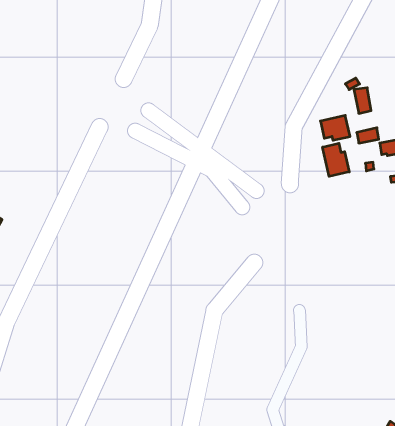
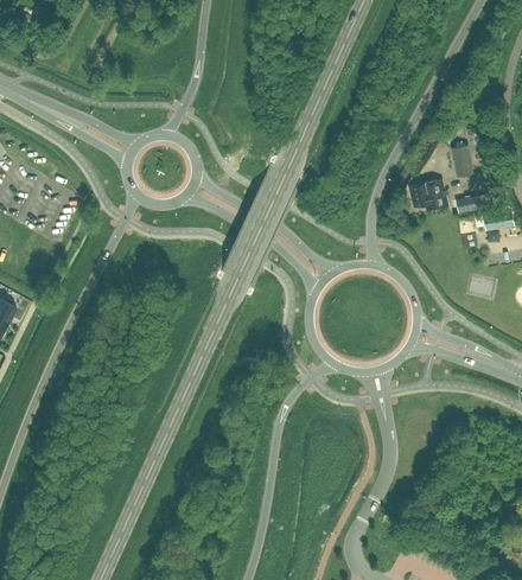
building: [323,143,349,176] -> none

